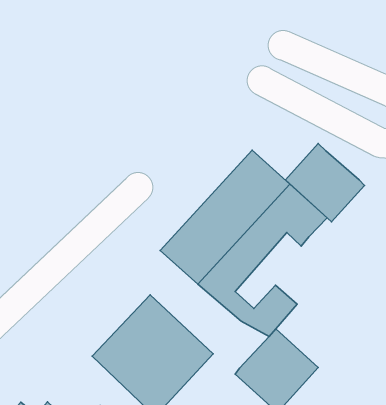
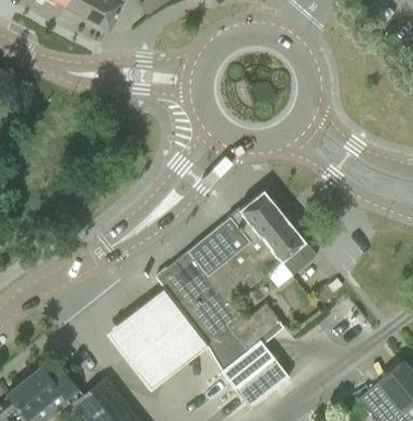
building: [285,143,364,222] -> none
building: none -> [155,259,253,366]

